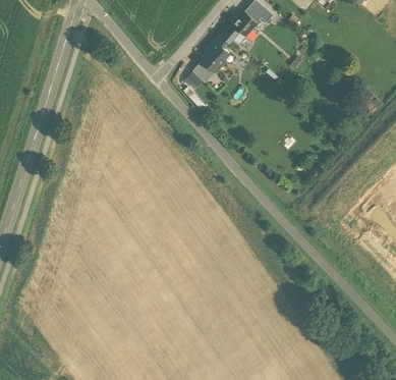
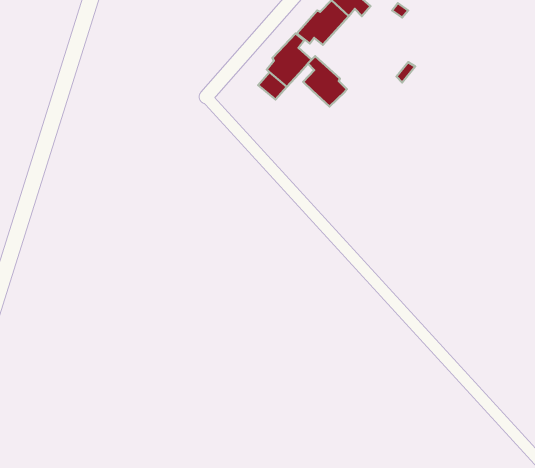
building: none -> [303,56,347,107]

